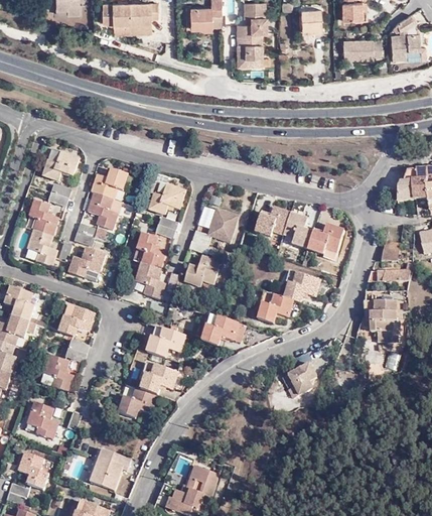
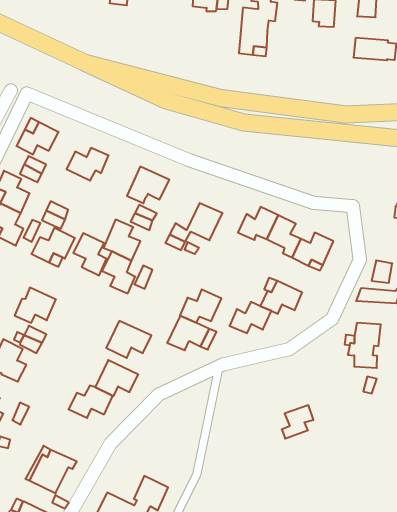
building: [87,191,118,229] -> [73,233,107,275]
building: [184,255,221,286] -> [180,289,221,323]
building: [286,363,314,396] -> [282,405,313,439]

